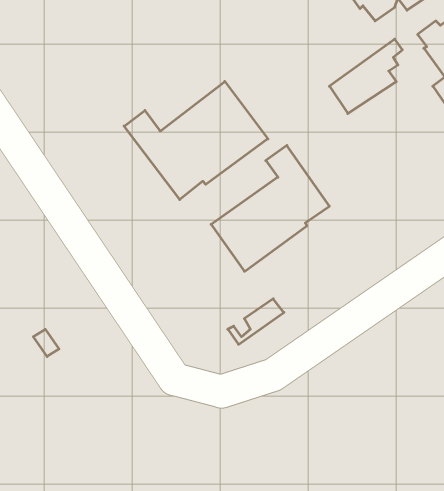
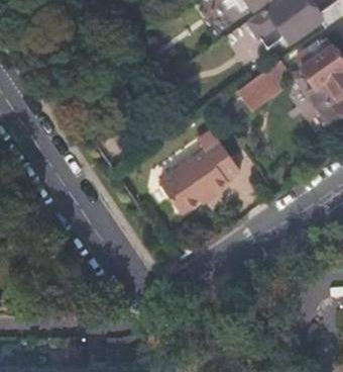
building: [124,81,268,200] -> none

